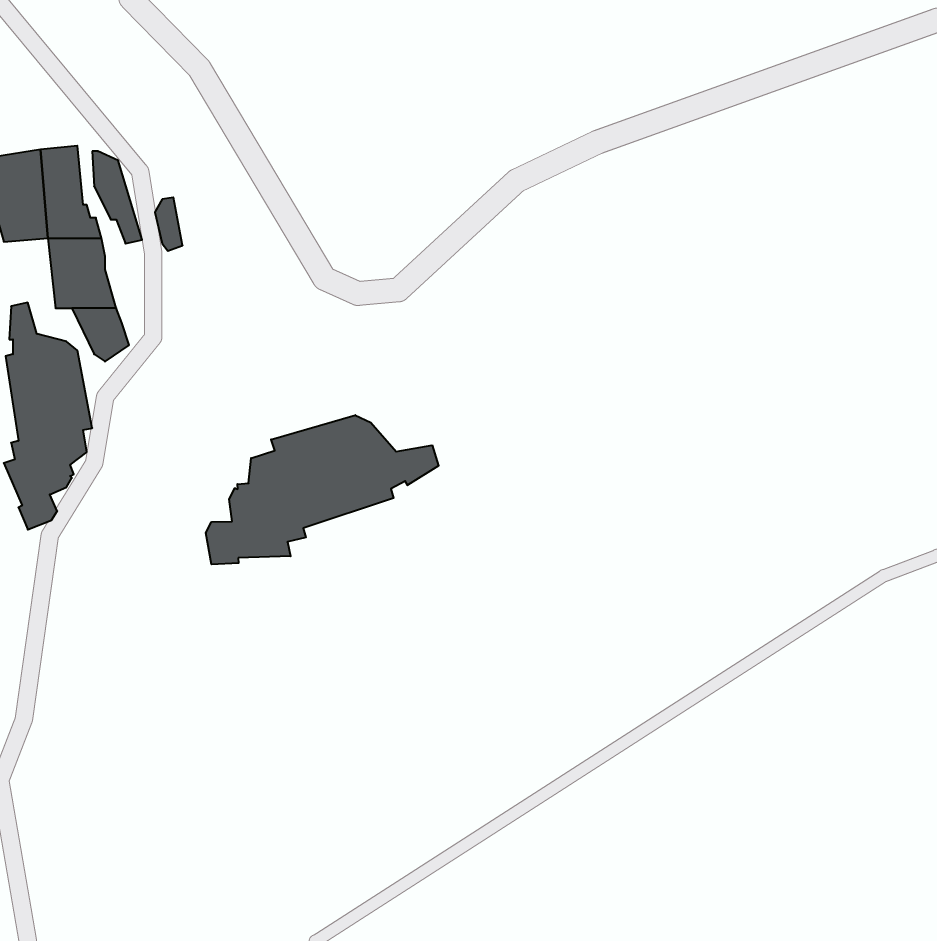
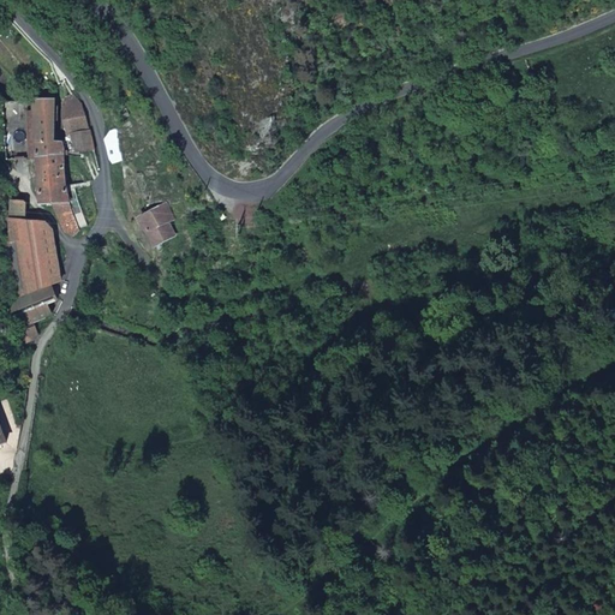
building: none -> [136,201,174,246]
building: [206,415,439,564] -> none

